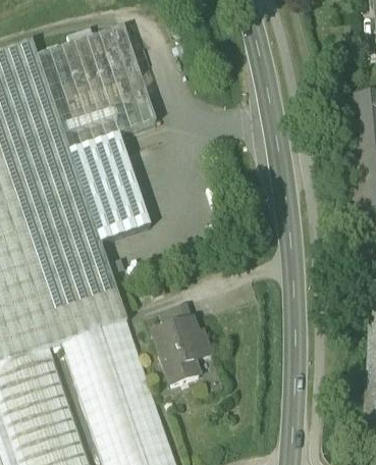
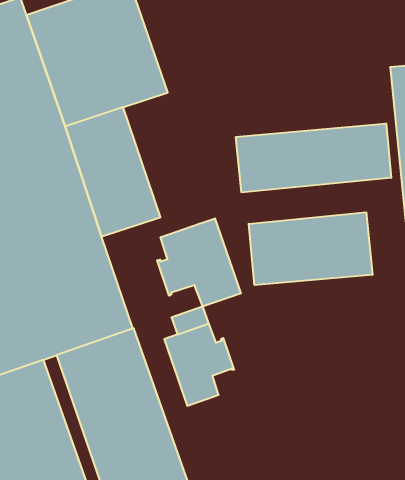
building: none -> [236,123,391,192]
building: none -> [249,212,372,285]
building: none -> [157,218,241,307]

